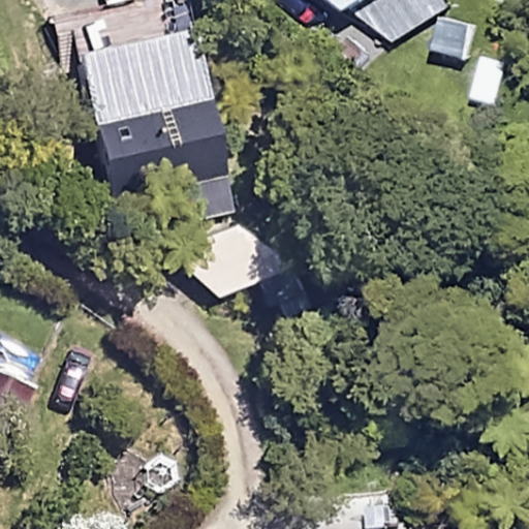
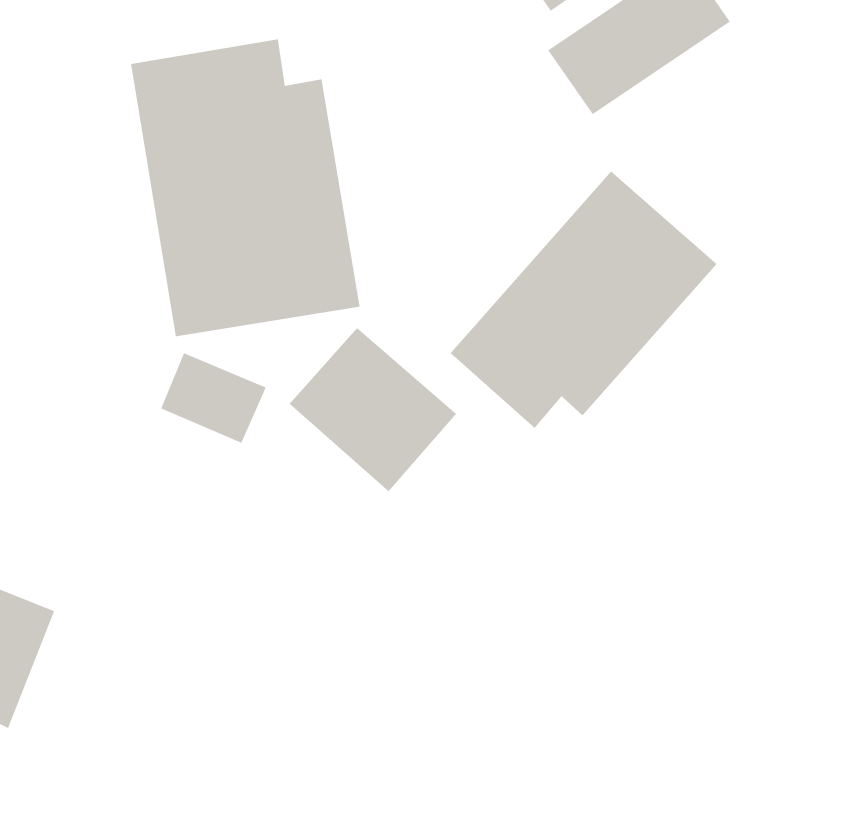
building: none -> [450,170,718,429]

